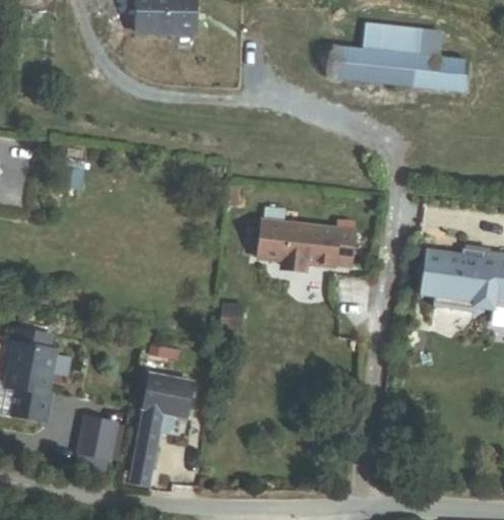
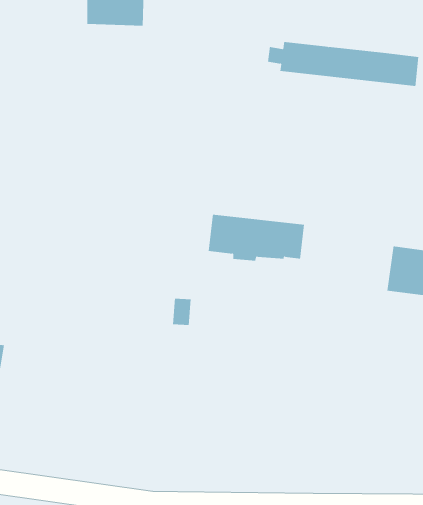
building: [378,22,439,59] -> none
building: [123,375,191,488] -> none
building: [78,415,113,456] -> none

